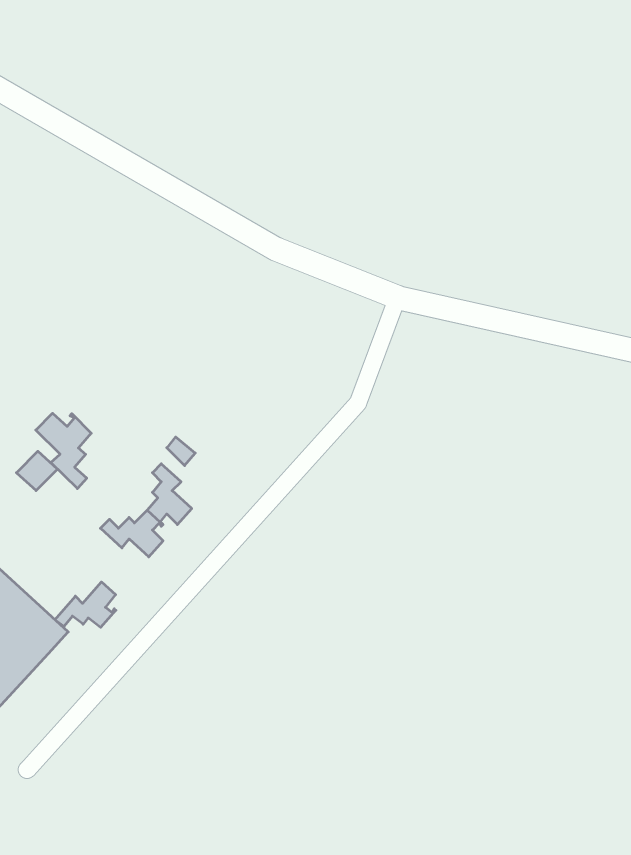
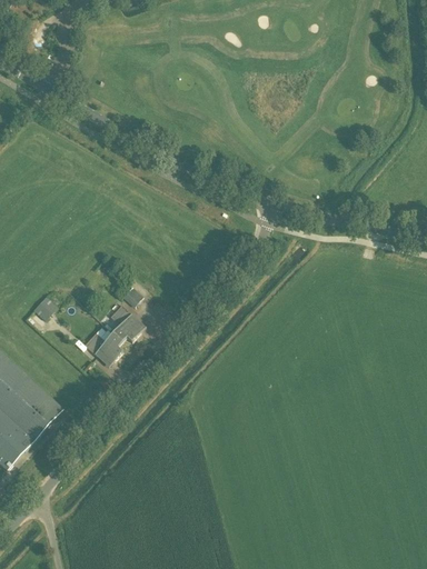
building: [36,413,91,489] -> none
building: [55,582,116,627] -> none

